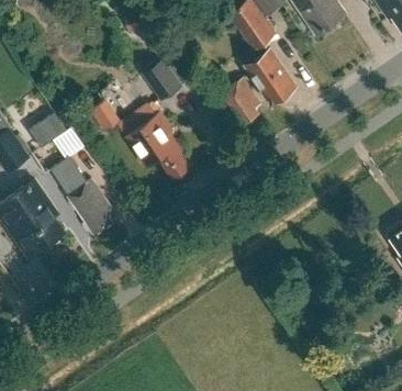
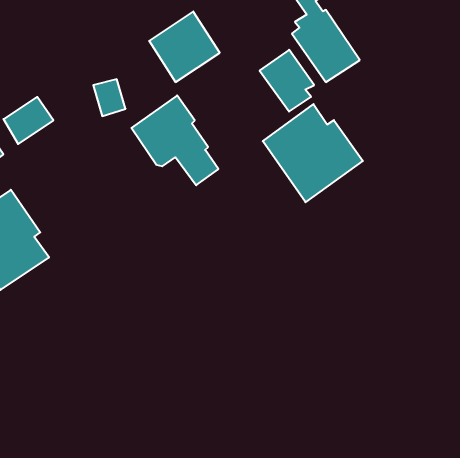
building: none -> [263,104,363,202]
building: [52,157,114,234] -> none

